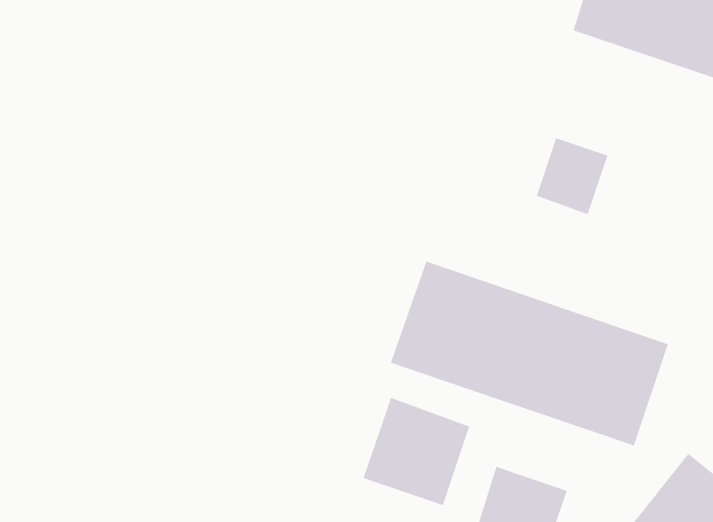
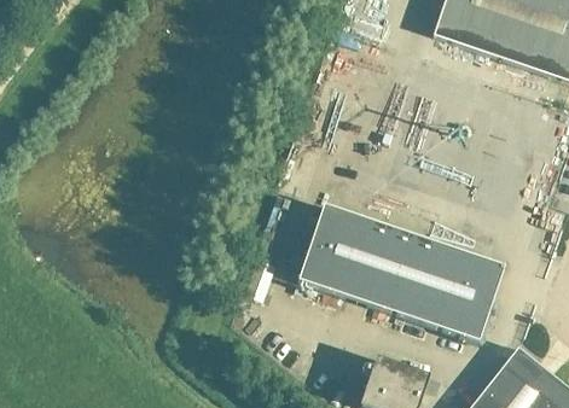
building: [536,137,609,215] -> none
building: [362,397,470,506] -> none

